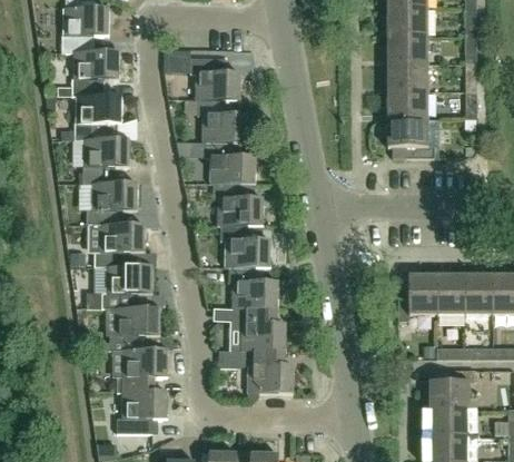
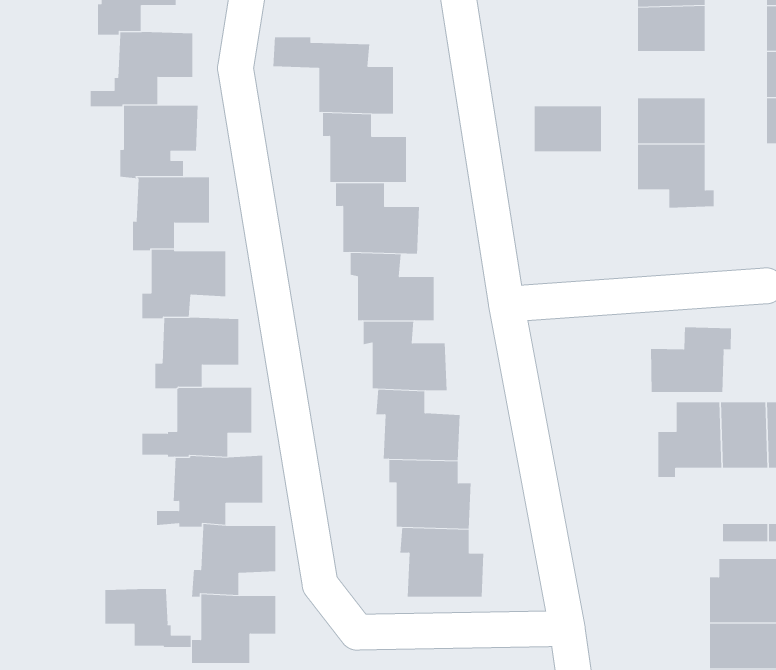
building: [386,61,427,89] -> [534,106,602,152]
building: none -> [651,327,732,393]
building: none -> [105,588,191,648]

